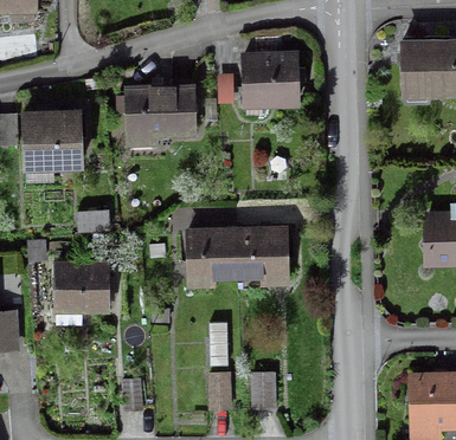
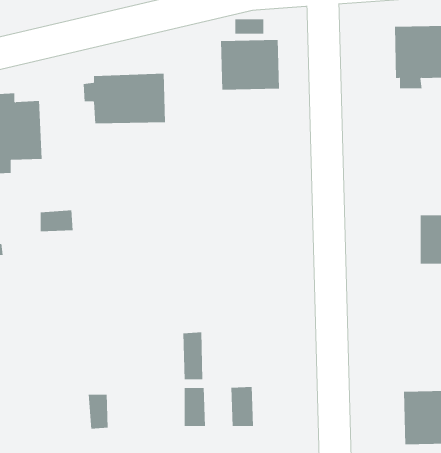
building: [186,226,287,277] -> none
building: [56,264,107,322] -> none

